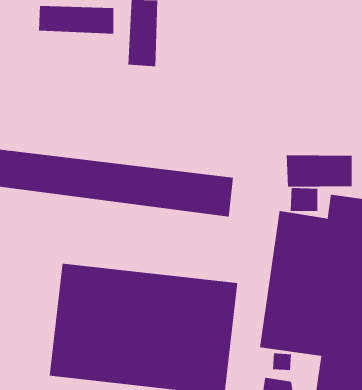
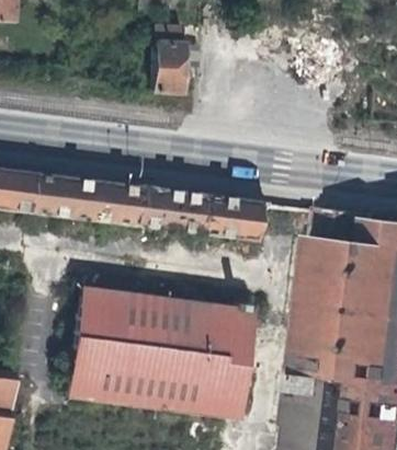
building: [39,5,114,34] -> none
building: [286,154,352,188] -> none

